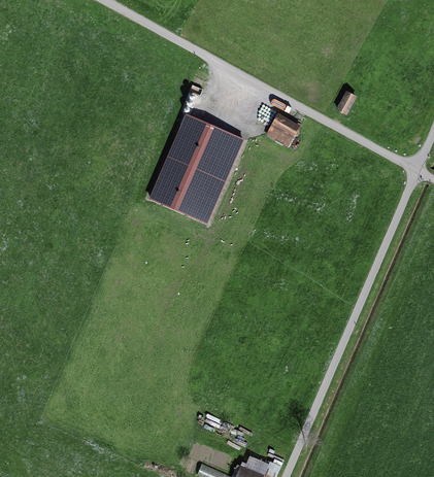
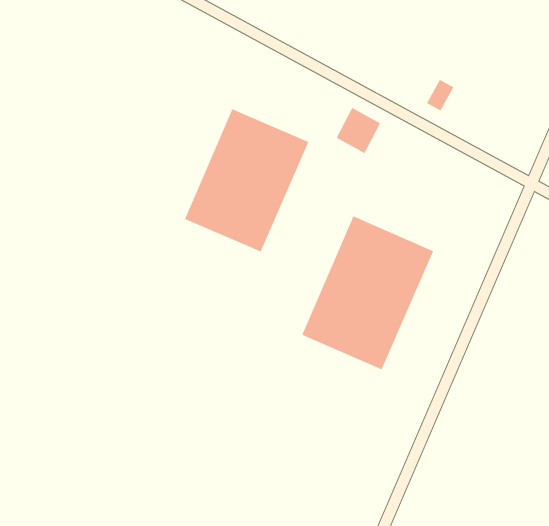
building: none -> [301,216,434,370]

